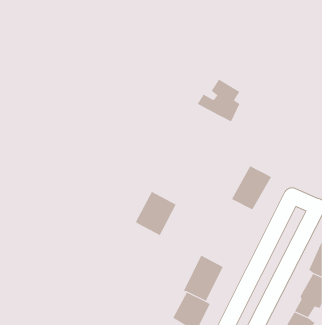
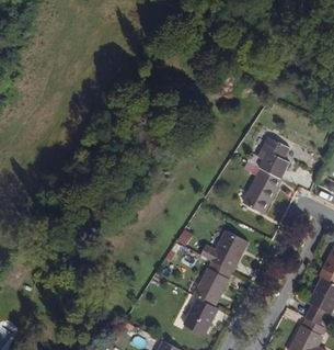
building: [197,79,240,122] -> [245,136,289,180]
building: [135,191,177,236] -> [208,226,250,271]

